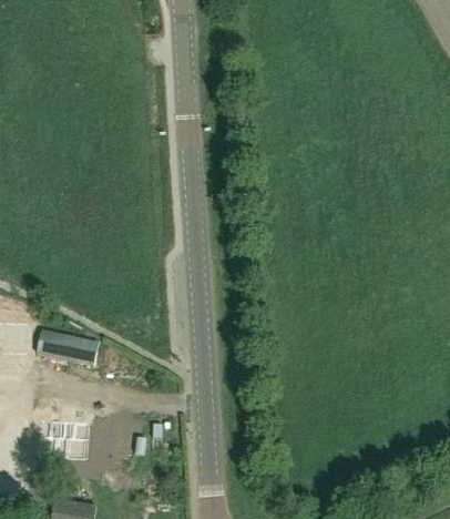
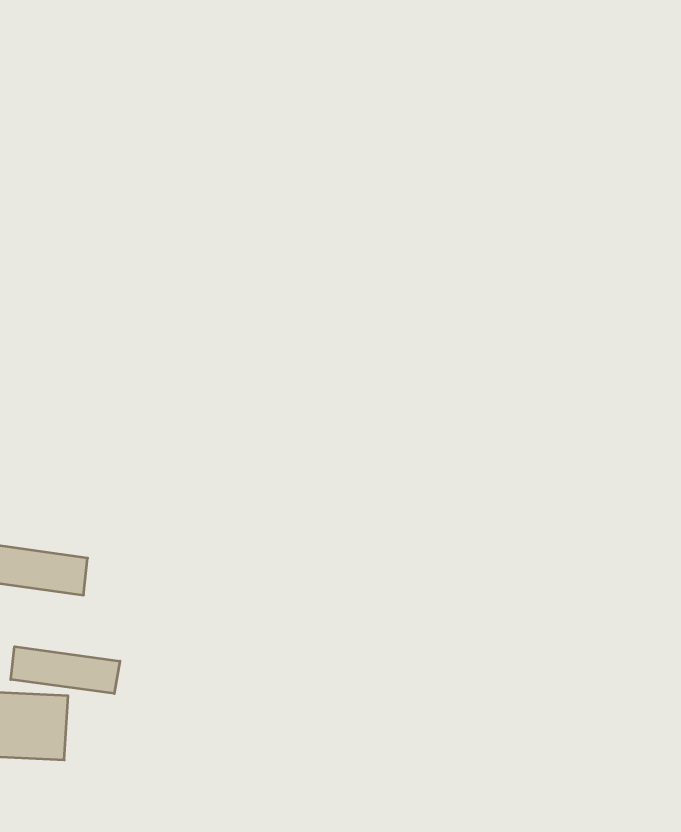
building: none -> [11,647,120,694]

